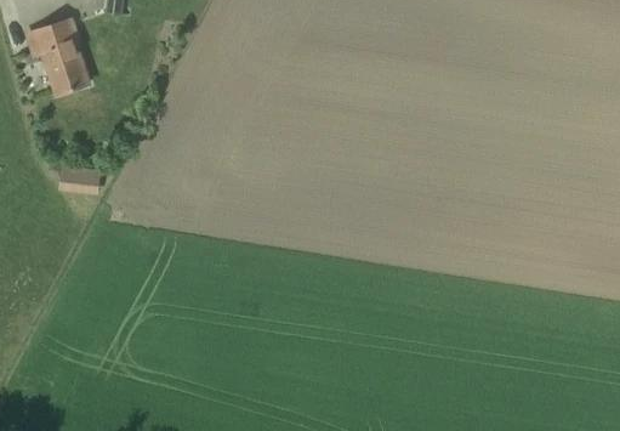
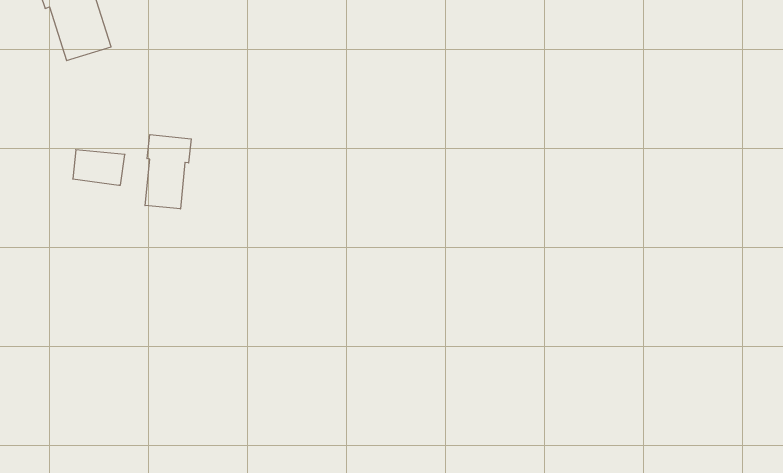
building: none -> [145,135,191,209]

